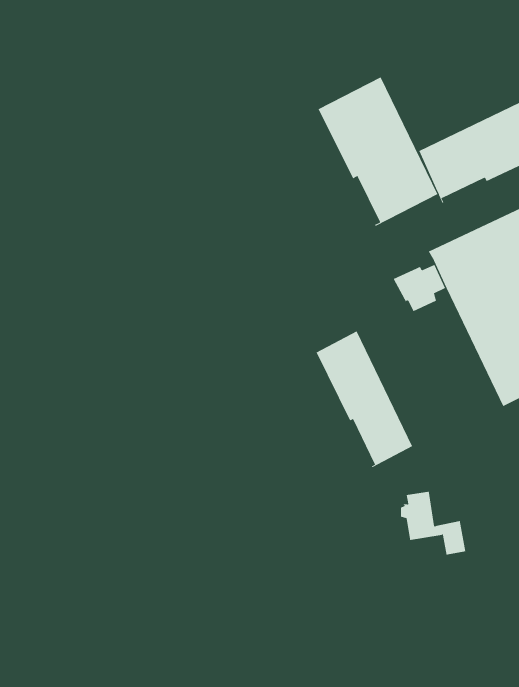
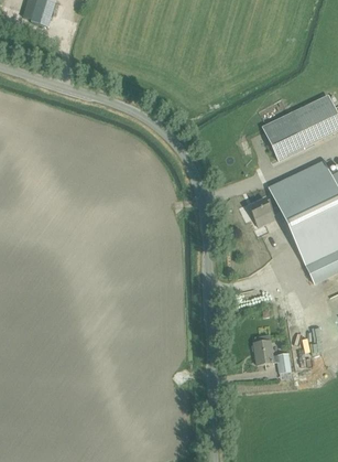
building: [318,76,438,227] -> none
building: [316,330,413,468] -> none

